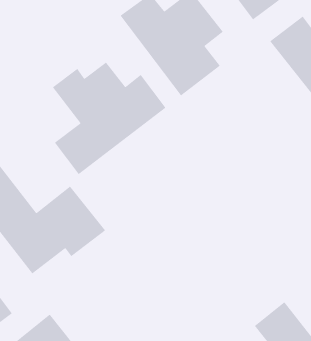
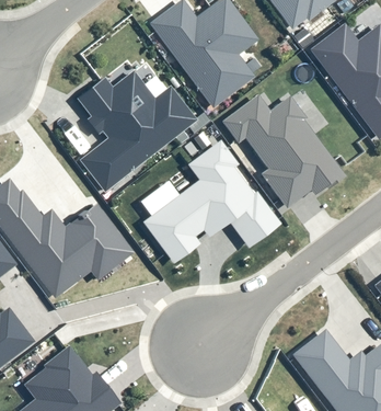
building: none -> [222,94,338,205]
building: none -> [140,142,280,266]

